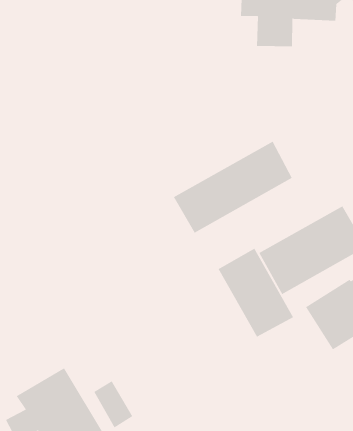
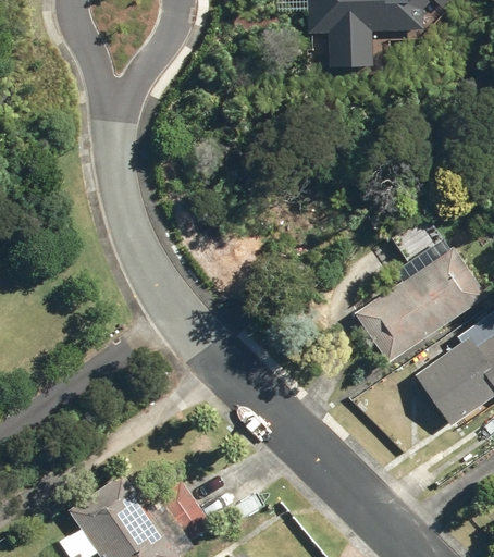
building: [173,141,293,234] -> none
building: [218,248,294,338] -> none

